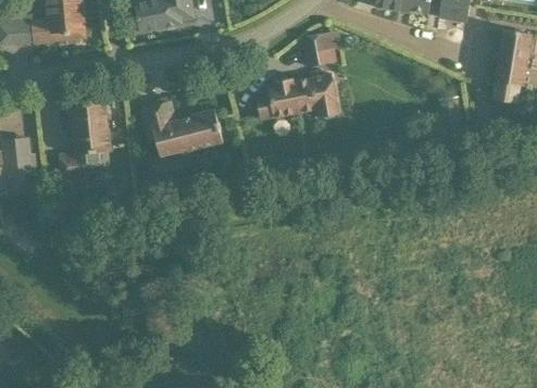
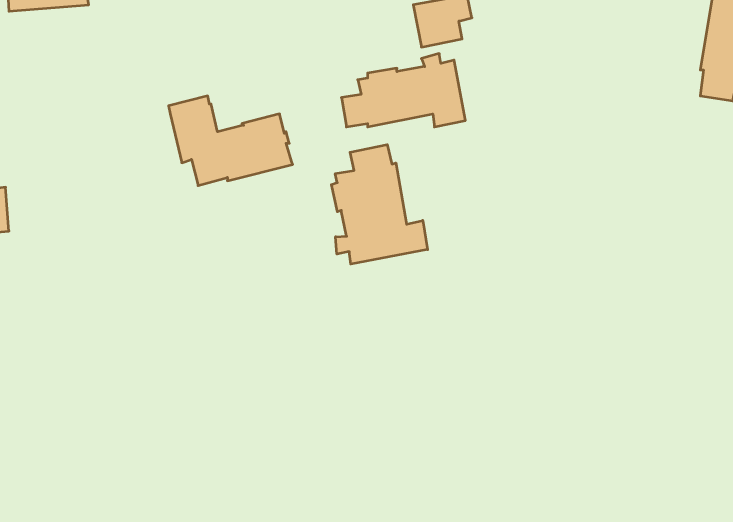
building: [60,100,112,184] -> none
building: none -> [331,145,428,264]

